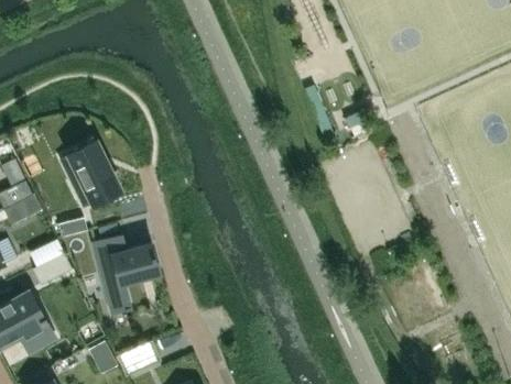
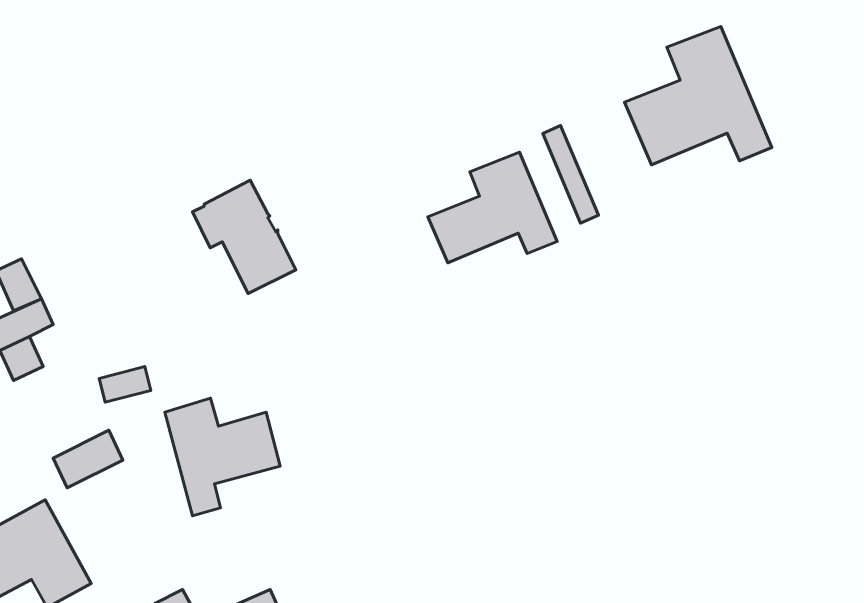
building: none -> [625,27,772,165]
building: none -> [428,152,557,263]
building: [63,141,120,204] -> [192,180,296,294]

